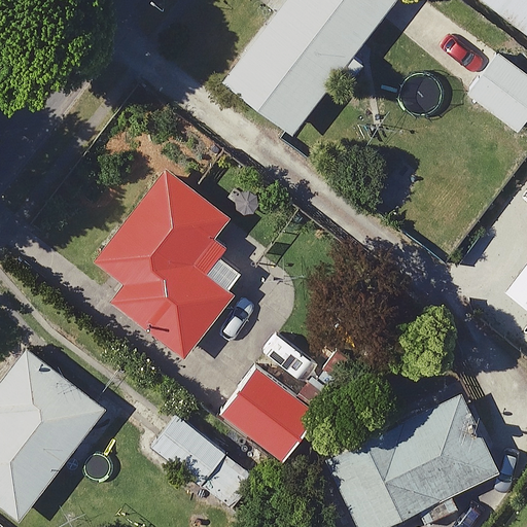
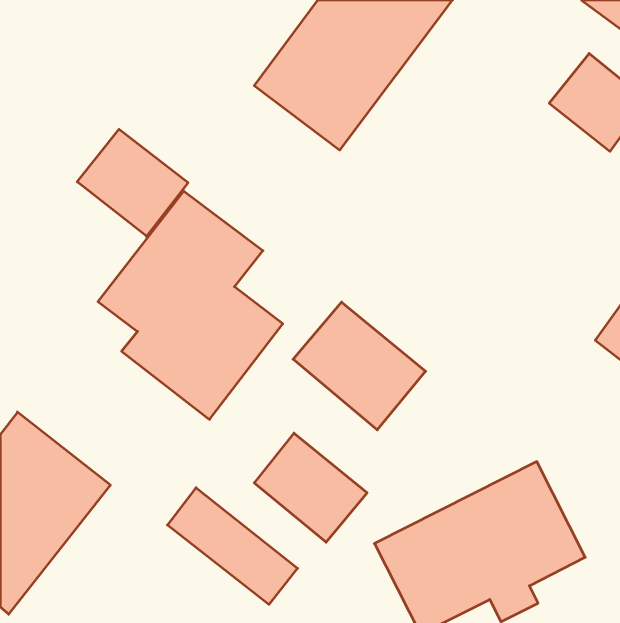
building: none -> [77,129,188,236]
building: none -> [293,302,426,430]

